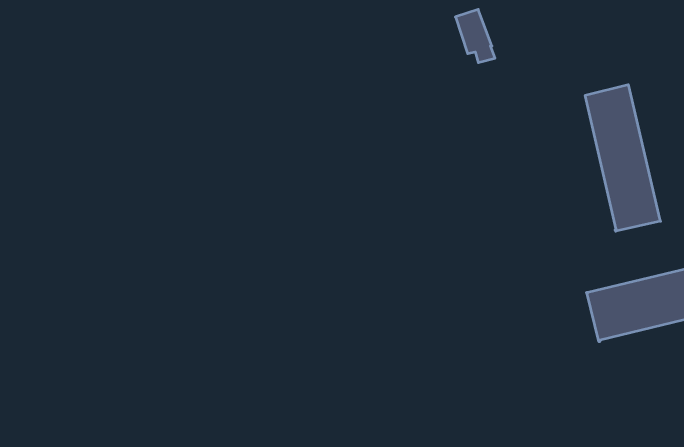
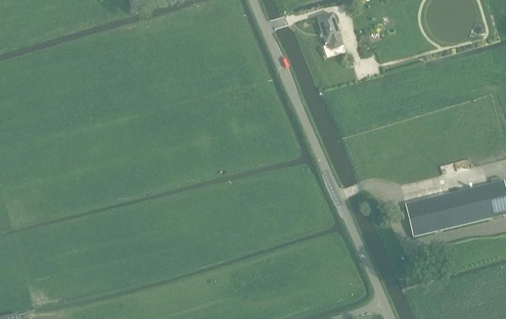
building: [585,85,661,231] -> none

